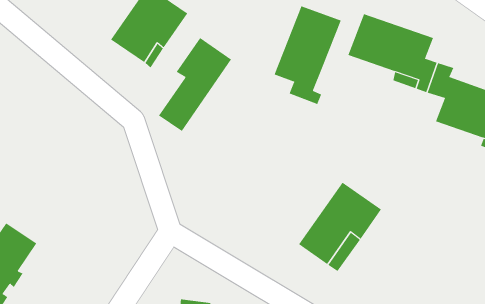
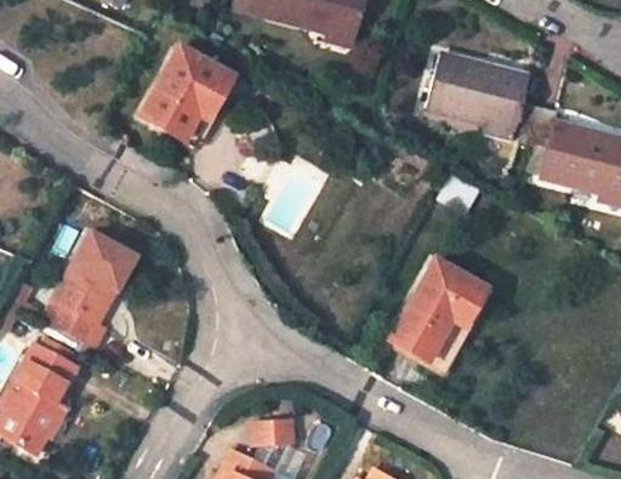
building: [274,5,342,105] -> none
building: [158,37,232,132] -> none
building: none -> [41,232,135,349]

